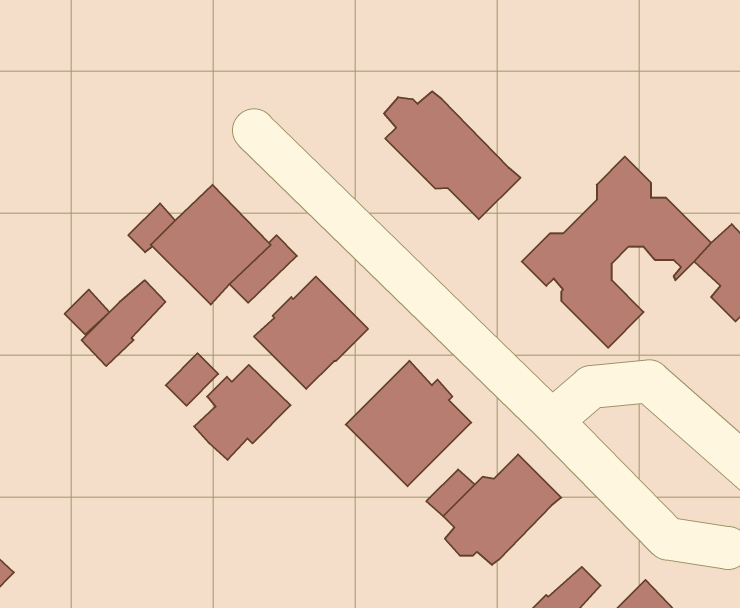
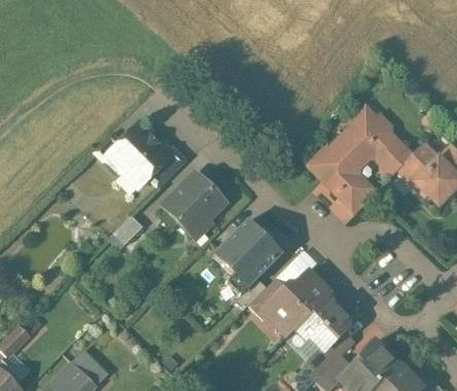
building: [384,91,520,219] -> none
building: [82,280,165,366] -> none
building: [194,365,291,460] -> none
building: none -> [297,297,347,348]

